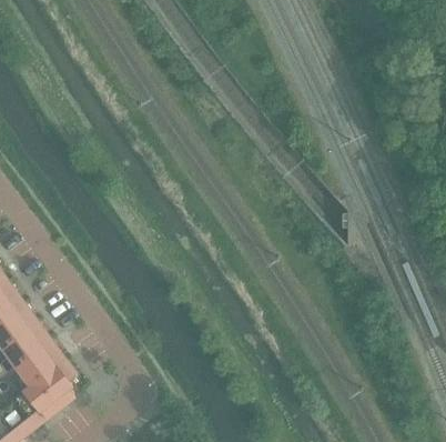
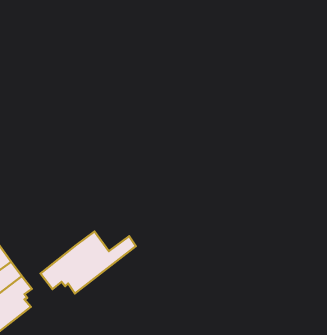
building: none -> [41,231,136,293]

